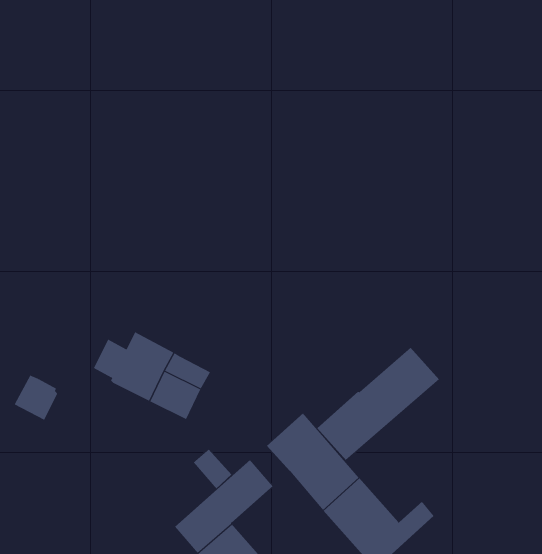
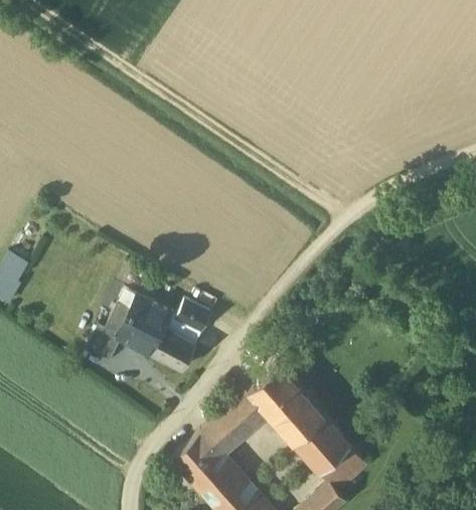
building: none -> [177,302,210,331]
building: [317,347,440,461] -> none
building: [14,375,58,420] -> [86,325,122,362]
building: [193,449,232,489] -> [234,391,267,424]

